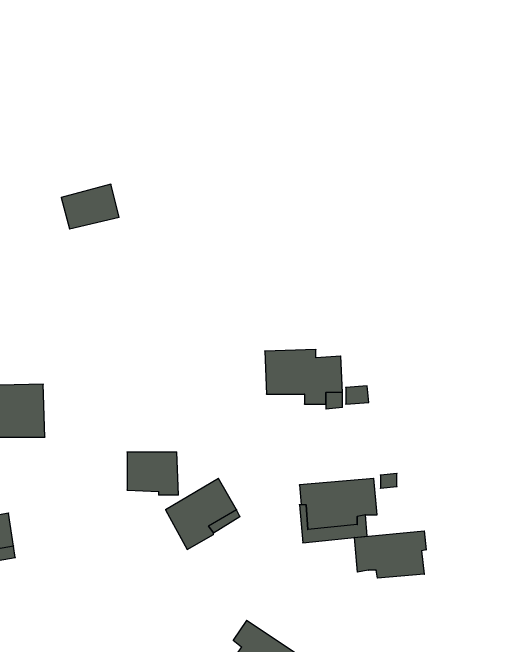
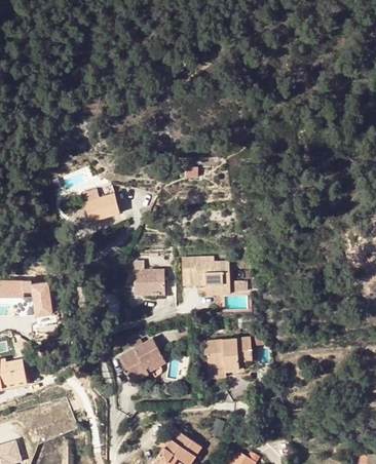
building: [61,184,119,229] -> [85,193,121,221]
building: [127,452,178,495] -> [135,270,166,297]
building: [354,531,426,578] -> none

